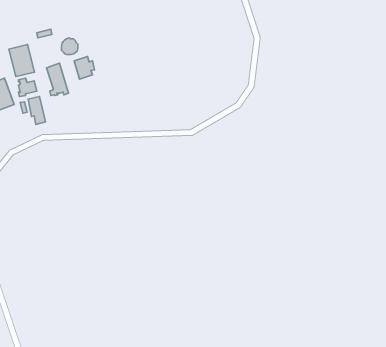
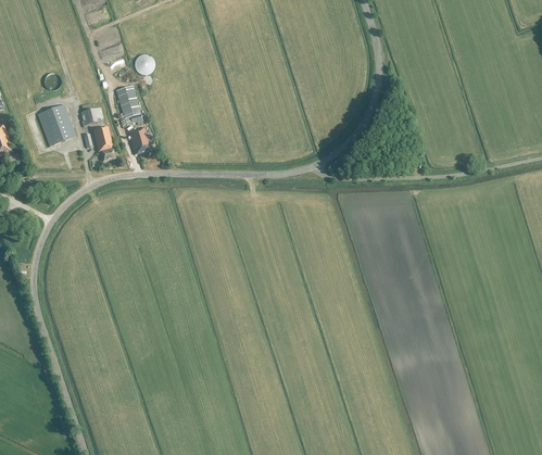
building: [9,45,34,77] -> none
building: [74,57,94,79] -> [127,126,152,154]

